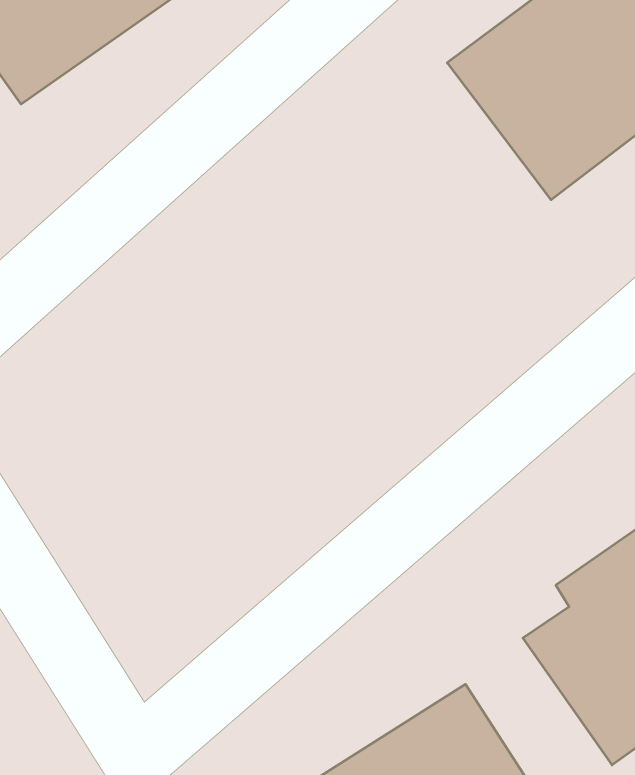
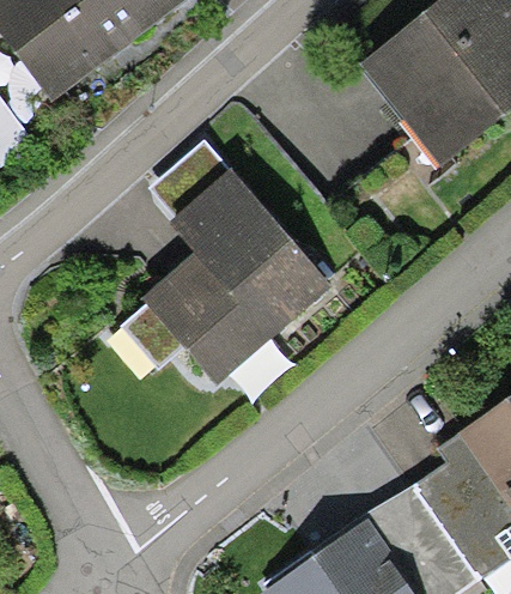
building: none -> [141,168,324,383]

